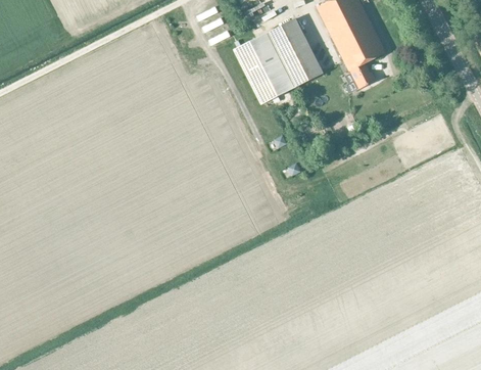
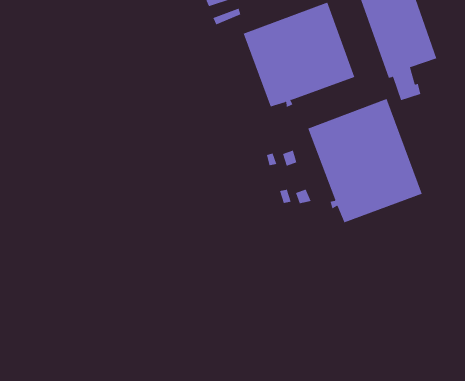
building: none -> [308,98,422,223]

